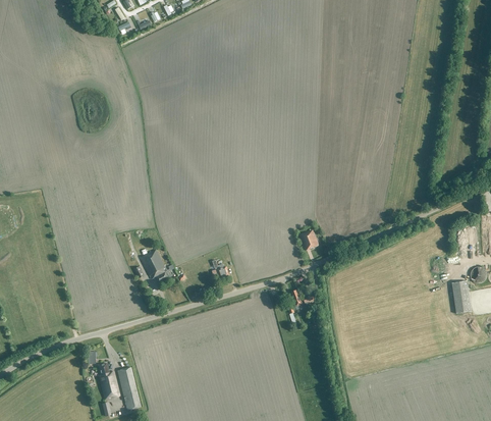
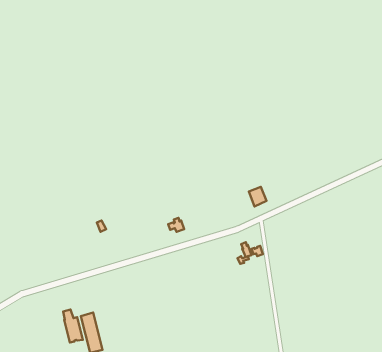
building: [141,250,168,282] -> none

